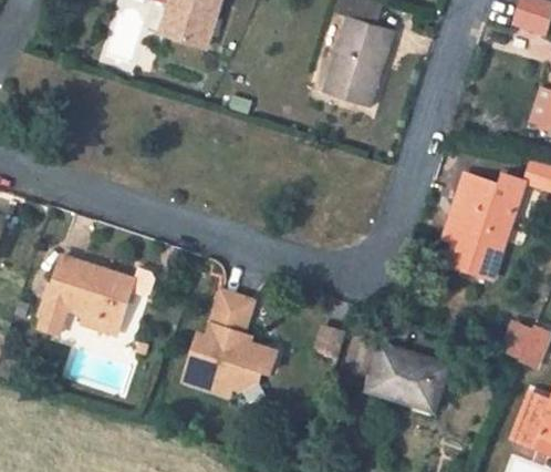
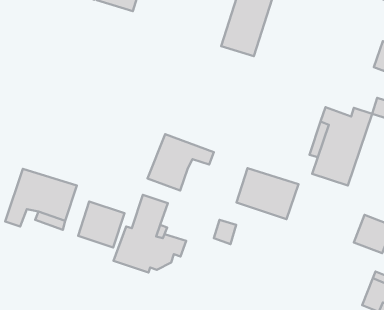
building: none -> [148,134,214,190]
building: none -> [78,201,124,247]
building: [367,343,449,411] -> [237,168,298,219]

